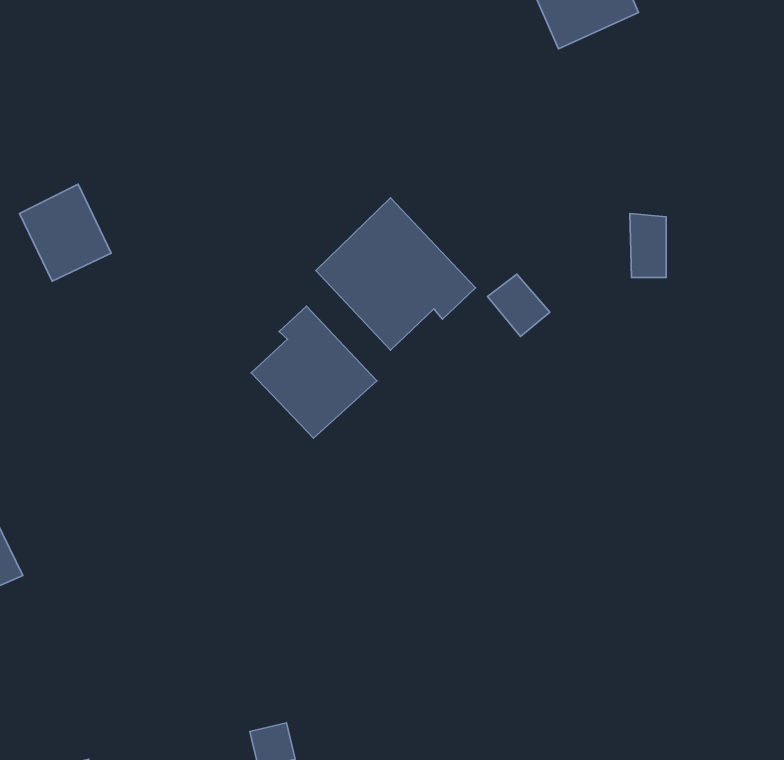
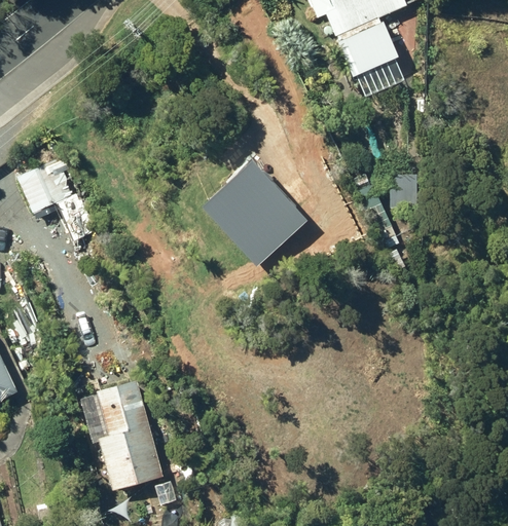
building: [251,306,377,438] -> none
building: none -> [101,379,162,488]

